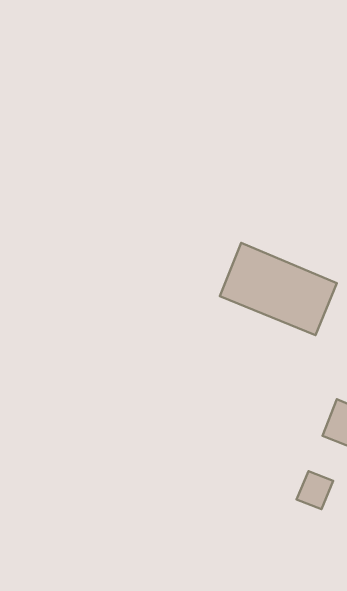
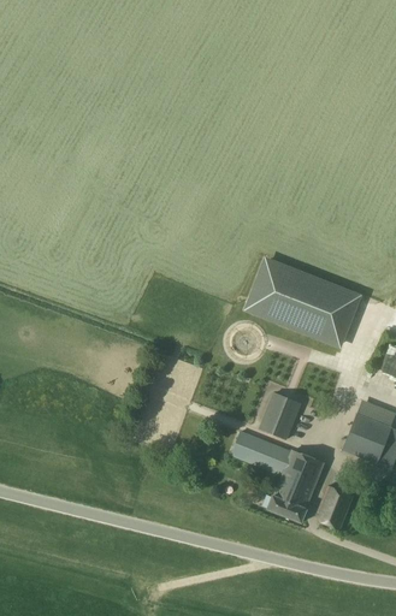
building: none -> [260,391,302,437]
building: none -> [232,432,324,522]

